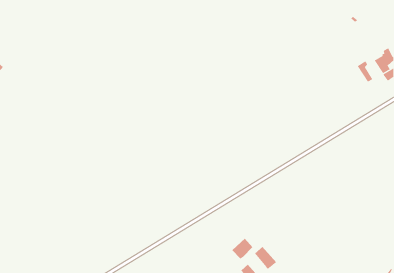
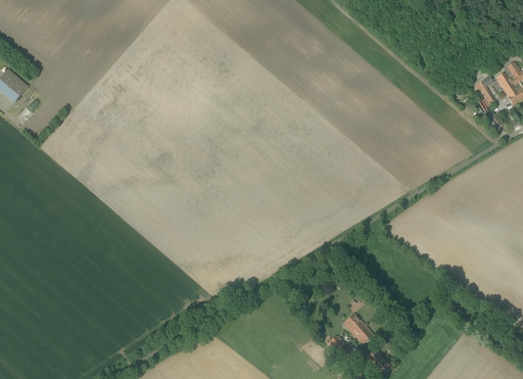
building: [231,238,253,260] -> none

